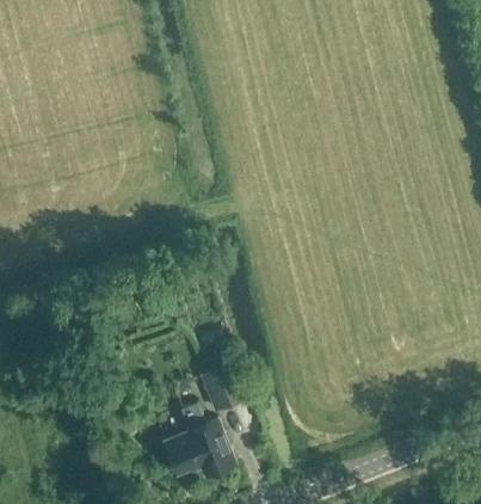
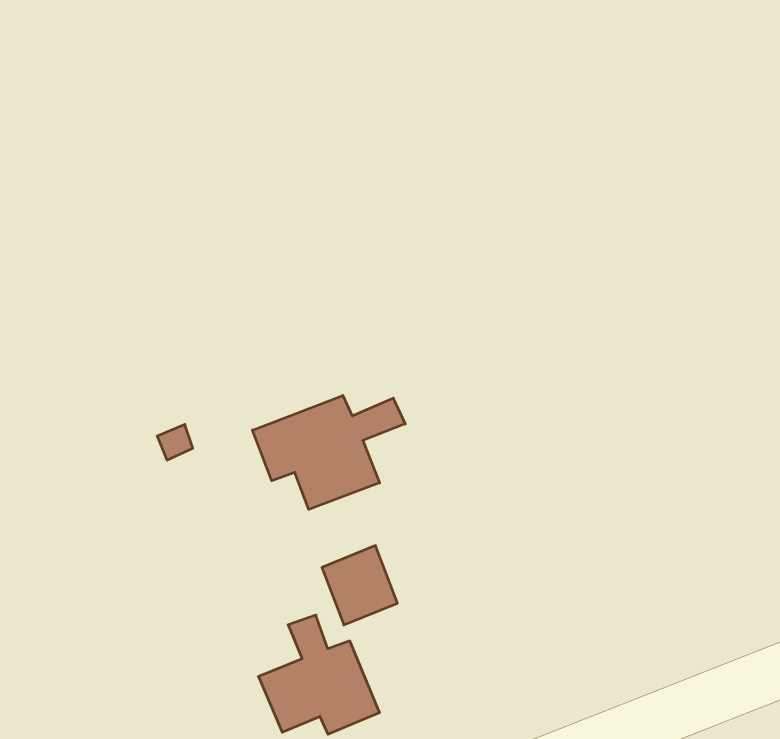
building: none -> [252,395,405,509]

